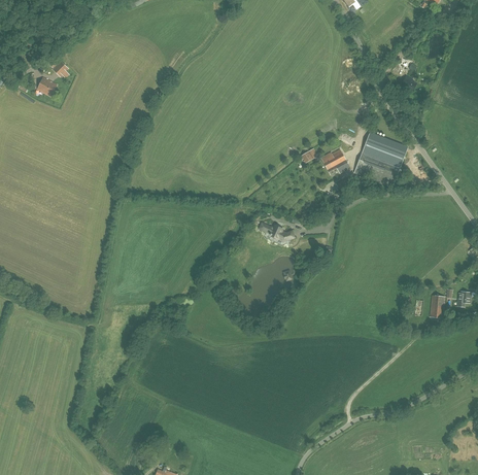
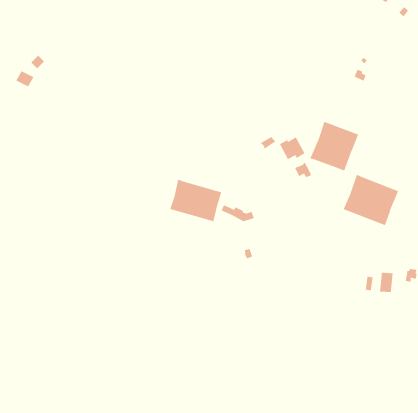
building: none -> [342,174,399,226]
building: none -> [169,179,222,222]

